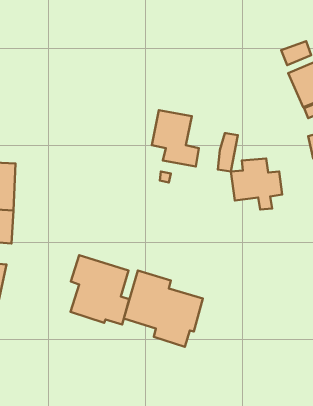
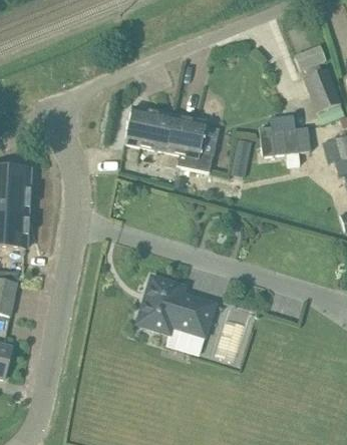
building: none -> [124,106,172,149]
building: [231,158,282,209] -> [259,113,310,164]
building: [70,255,129,325] -> none

